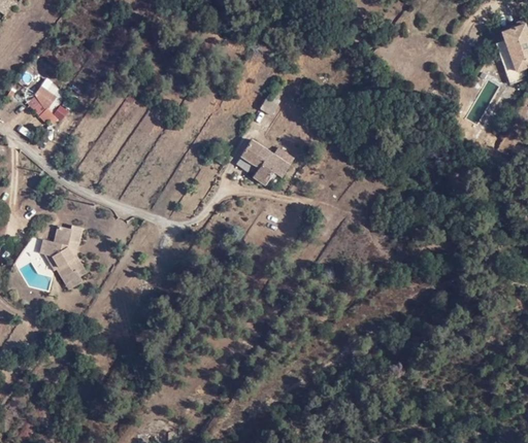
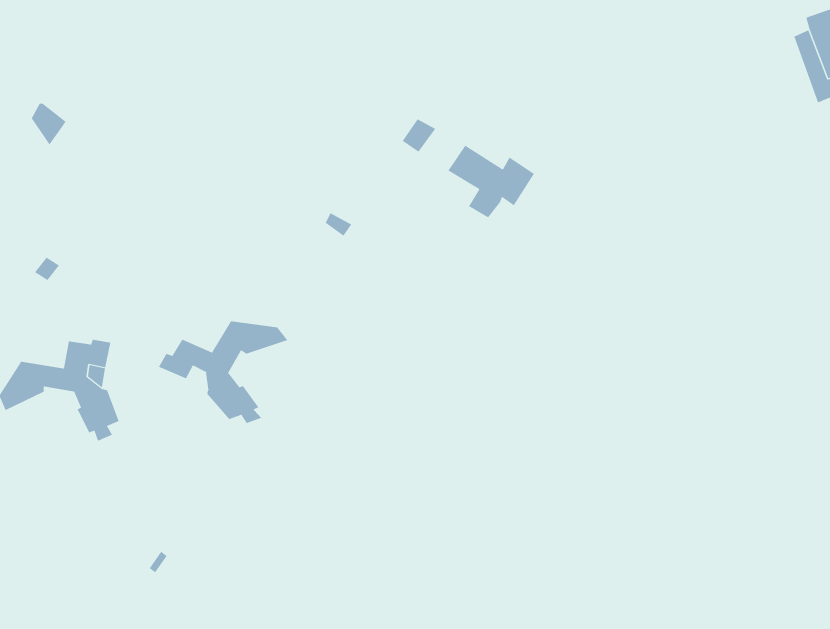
building: [239,139,292,183] -> [448,145,535,218]
building: none -> [158,320,288,424]

